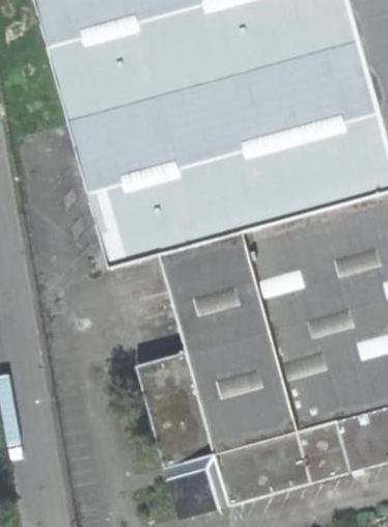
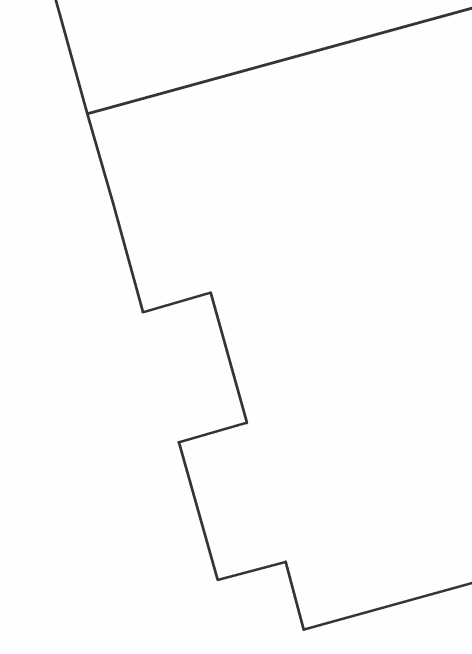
building: [165,452,229,517] -> none

